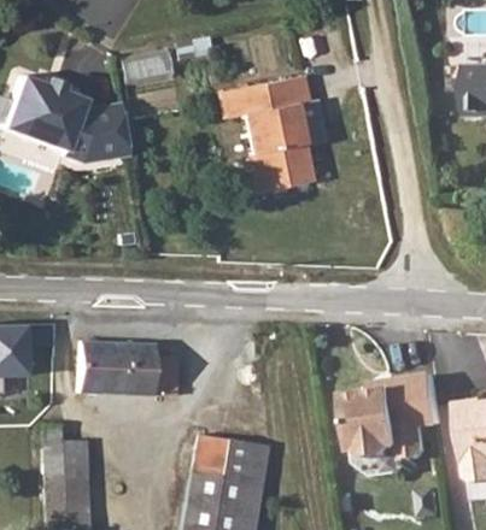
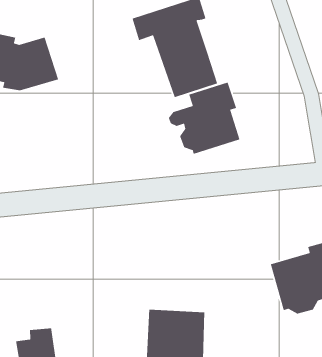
building: none -> [168,81,240,155]
building: [81,342,178,396] -> none

